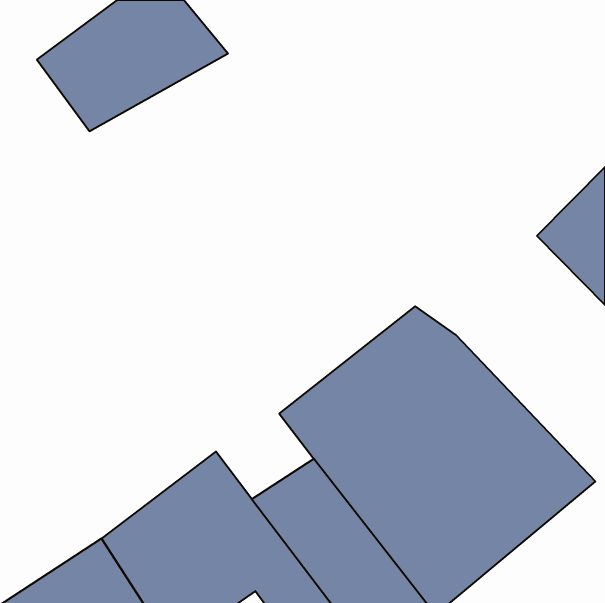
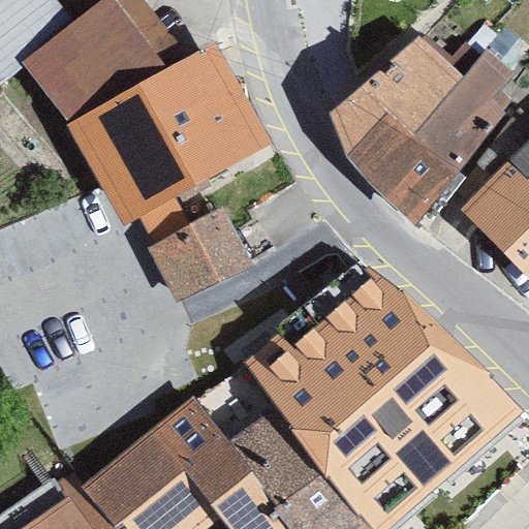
building: none -> [77,36,283,220]
building: none -> [338,39,515,224]
building: none -> [151,217,243,300]

